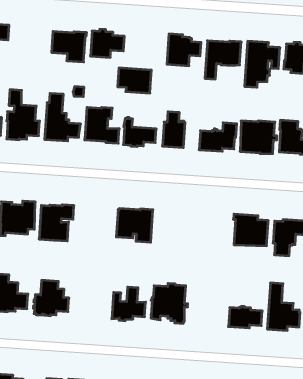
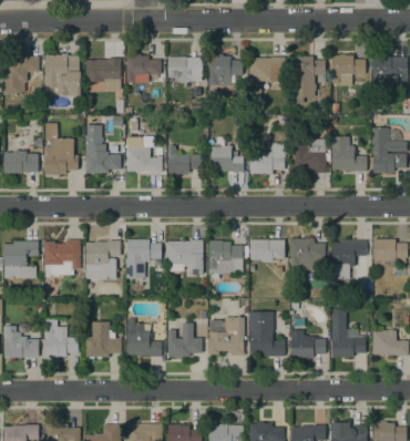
building: none -> [44,53,81,95]
building: [118,68,151,93] -> [168,57,203,81]
building: none -> [126,239,162,278]
building: none -> [208,239,243,279]
building: none -> [250,238,285,260]
building: none -> [127,318,162,356]
building: none -> [250,310,285,356]

